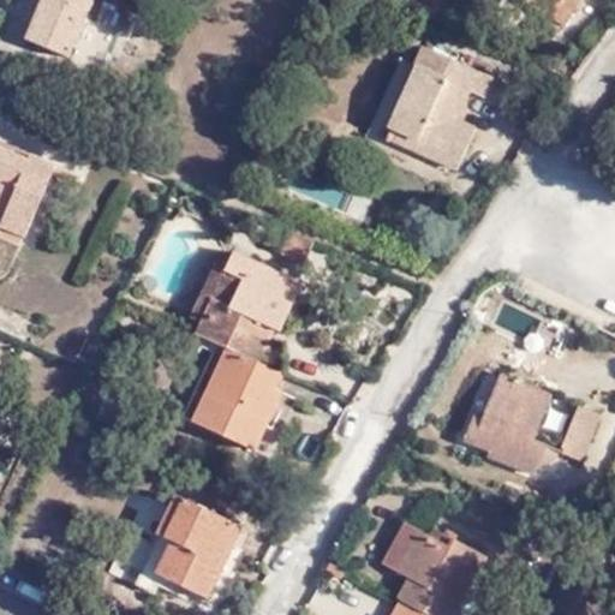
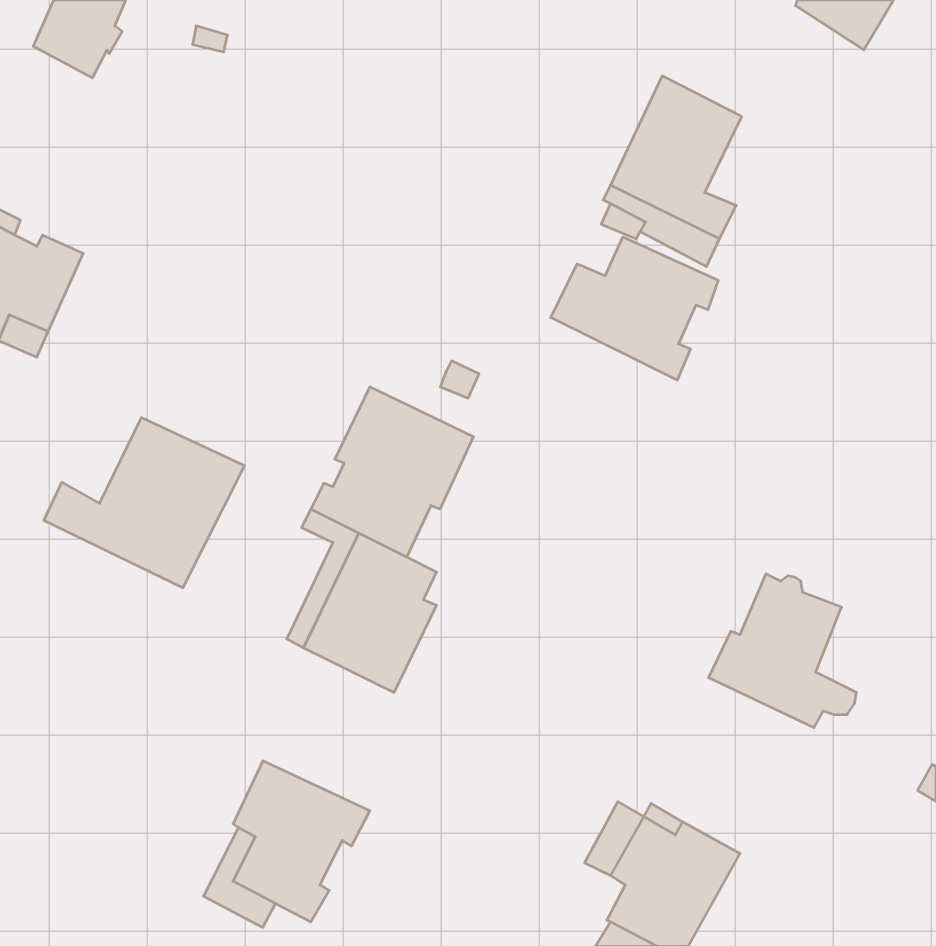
building: none -> [551,237,718,380]
building: none -> [44,418,244,588]
building: [556,407,597,459] -> none

